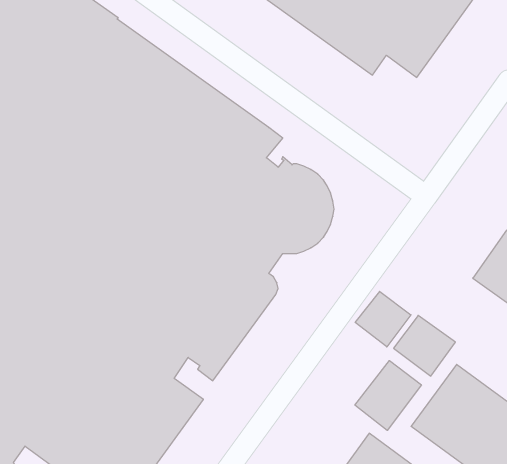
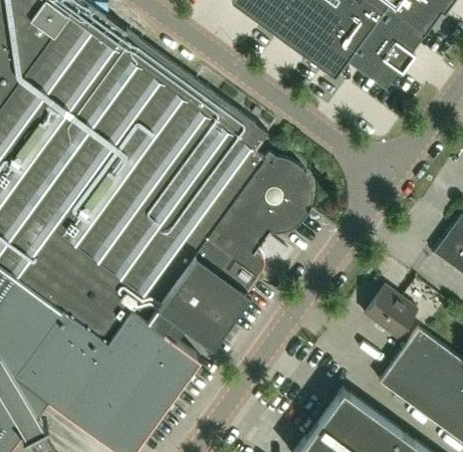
building: [355,291,411,347] -> none
building: [355,361,421,430] -> none

